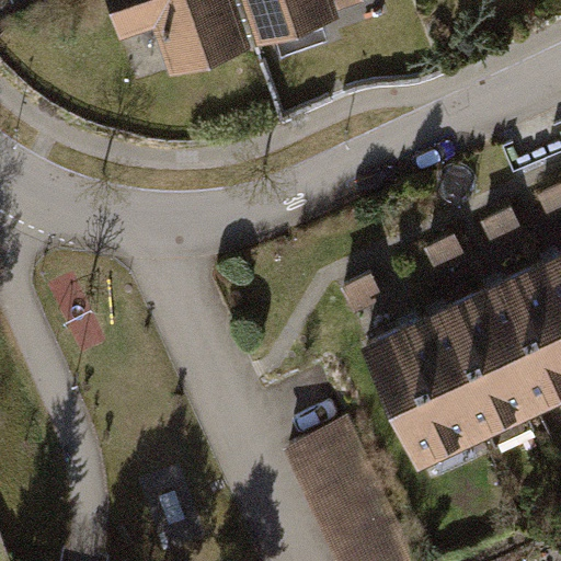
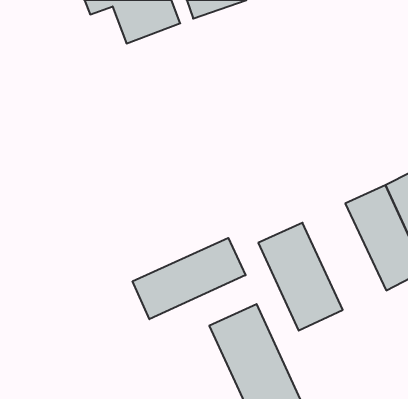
building: [416,294,530,438] -> none
building: none -> [133,238,246,319]

